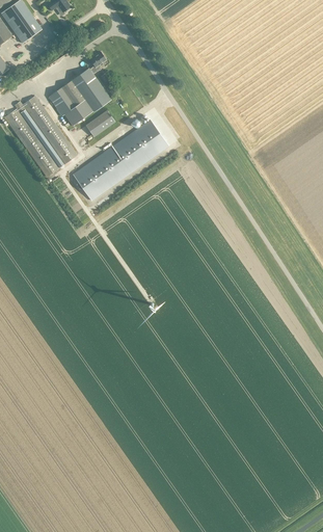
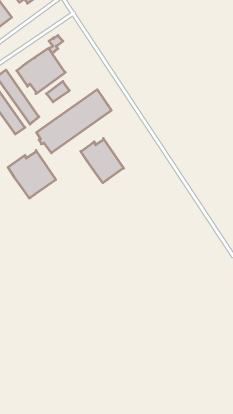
building: none -> [81,138,124,183]
building: none -> [8,150,56,198]

